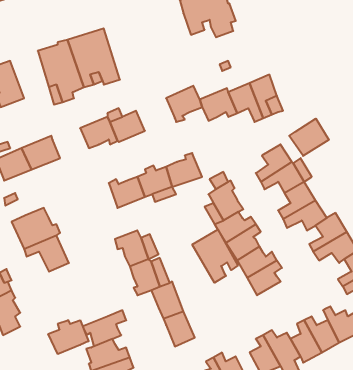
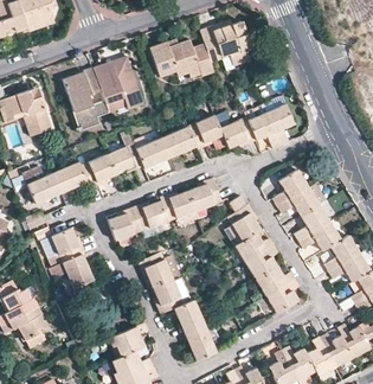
building: none -> [148,40,213,78]
building: none -> [157,124,194,155]
building: [289,119,329,156] -> none
building: none -> [78,153,112,187]
building: none -> [107,205,140,244]
building: [192,230,238,283] -> none
building: [48,320,89,354] -> none

